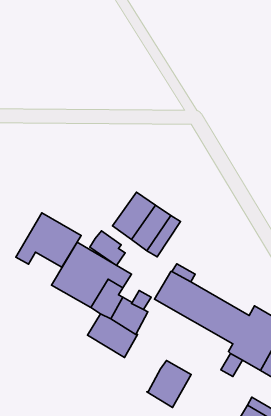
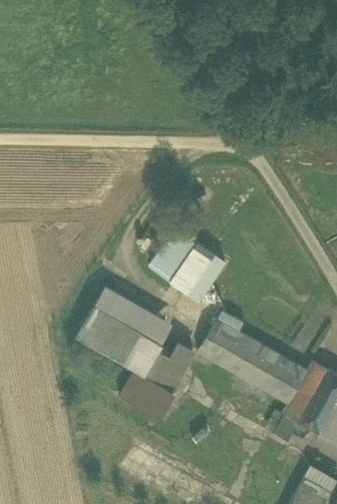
building: [16,213,81,267] -> none
building: [90,231,125,265] -> none
building: [147,360,191,407] -> none

